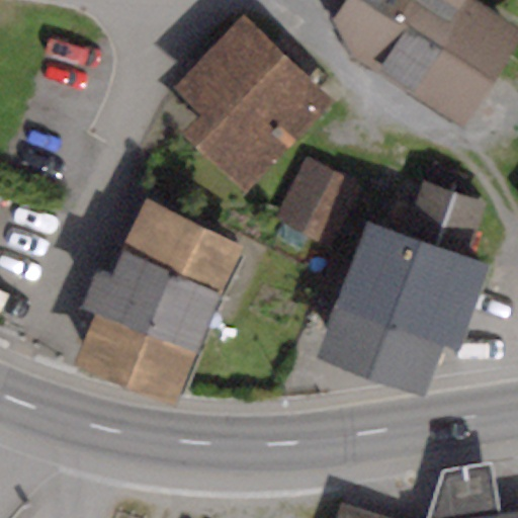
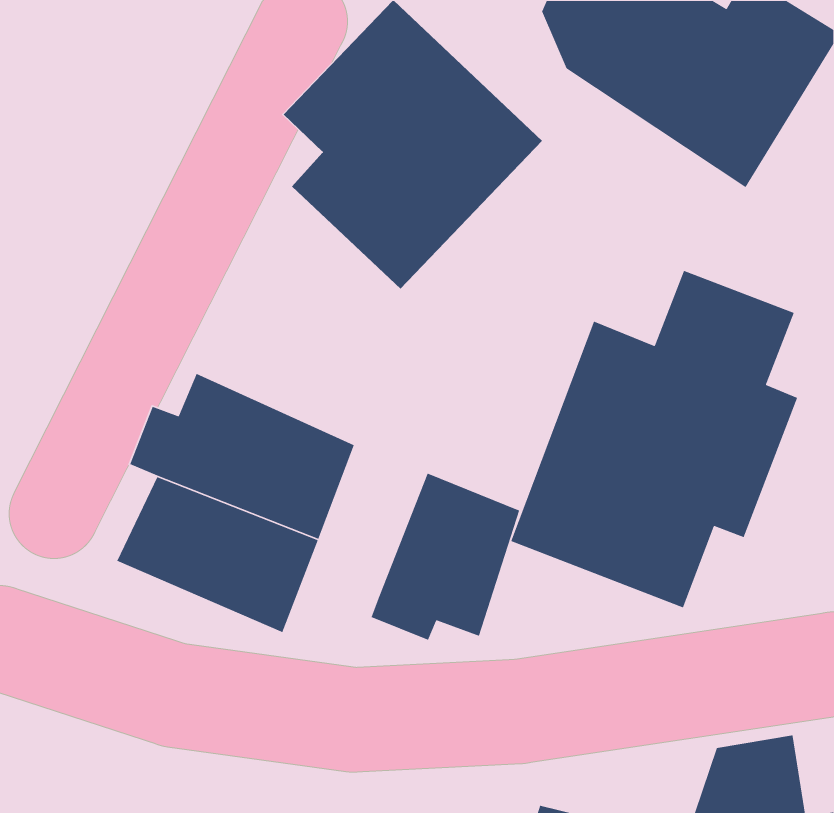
building: [271,165,358,255] -> none
building: [121,196,247,289] -> none
building: none -> [370,472,520,641]

